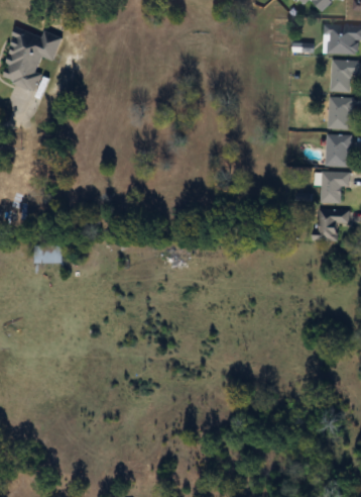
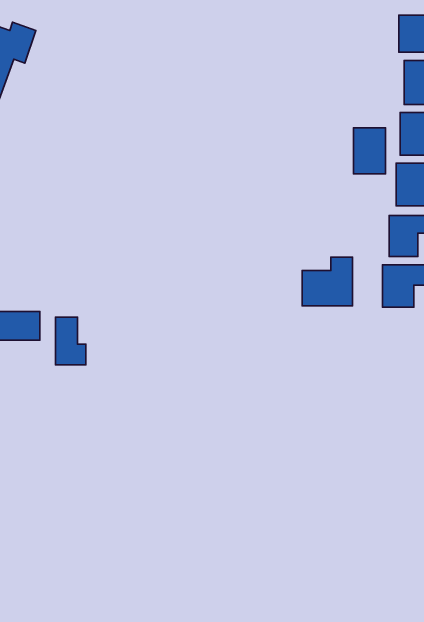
building: none -> [354,128,385,174]
building: none -> [302,257,353,306]
building: none -> [55,317,86,365]

